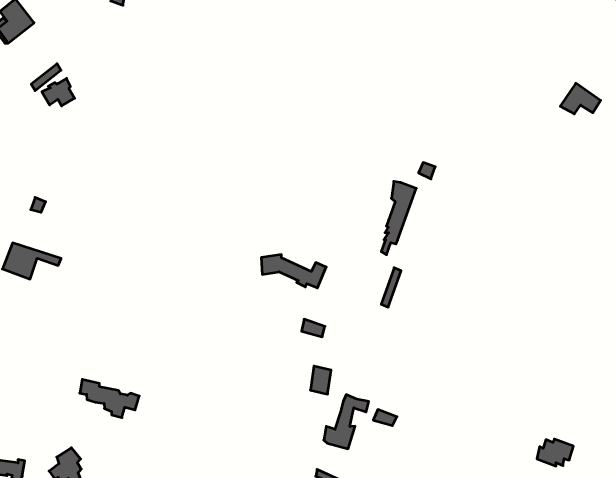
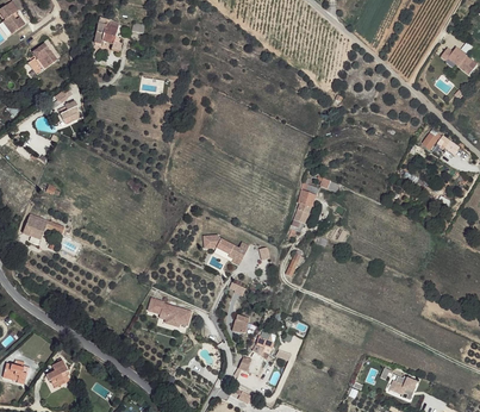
building: [80,379,139,418] -> [149,298,191,326]

